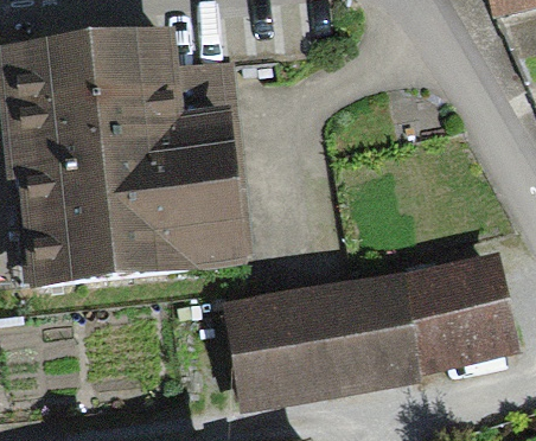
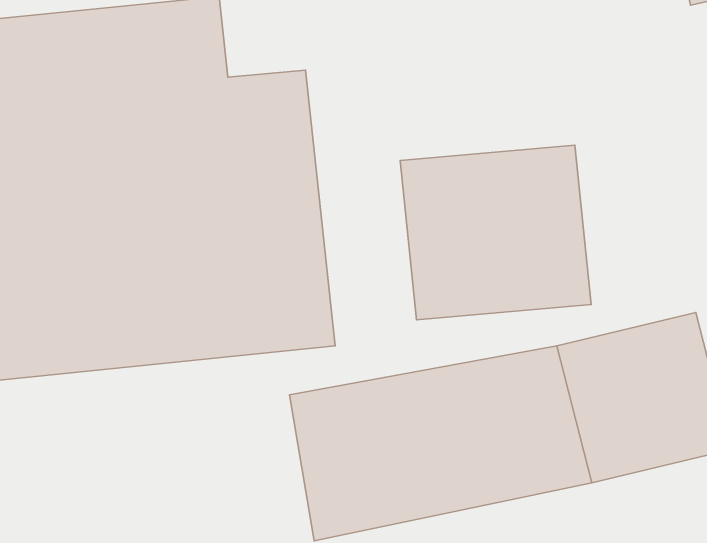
building: none -> [400,145,591,320]

